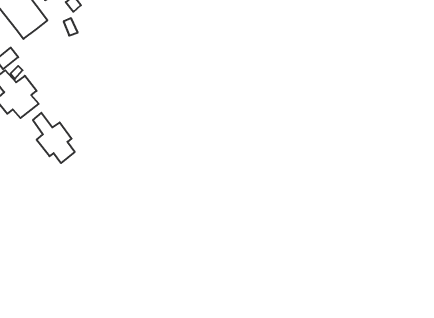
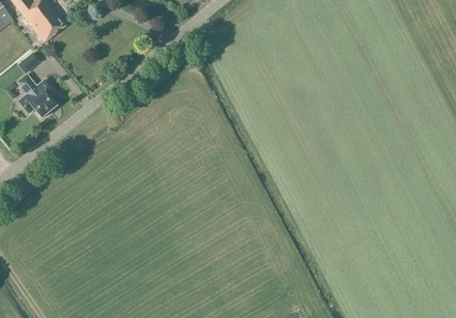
building: [33,113,75,163] -> none

